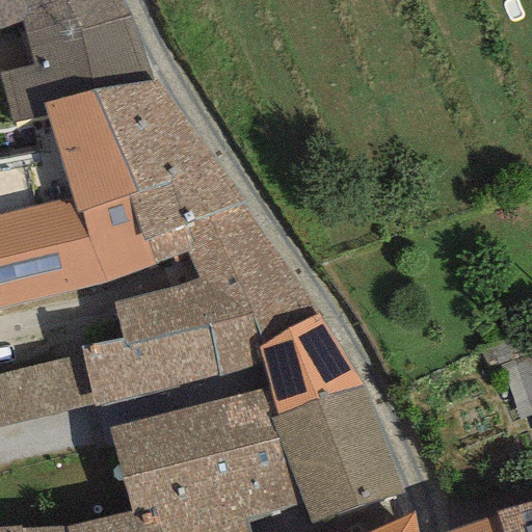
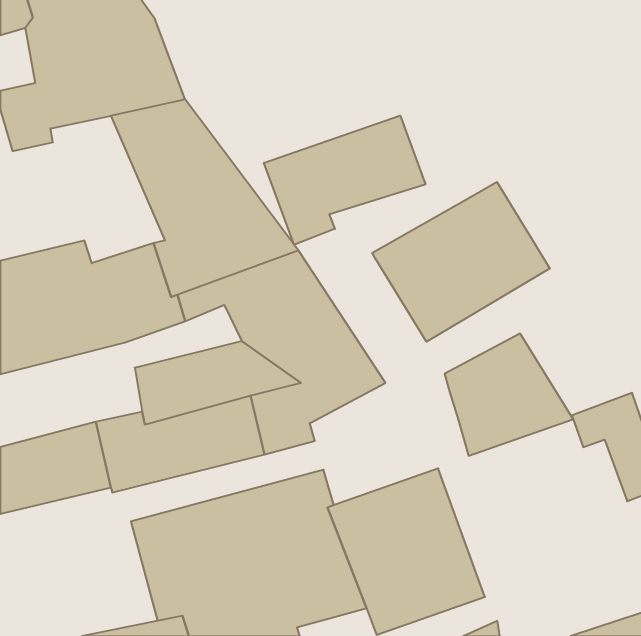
building: none -> [264,116,425,245]
building: [44,96,138,217] -> none
building: none -> [372,182,550,342]
building: [258,316,364,417] -> [445,334,573,456]

